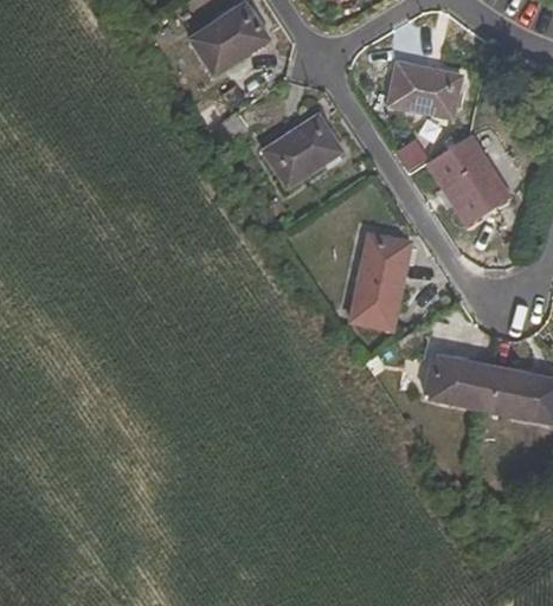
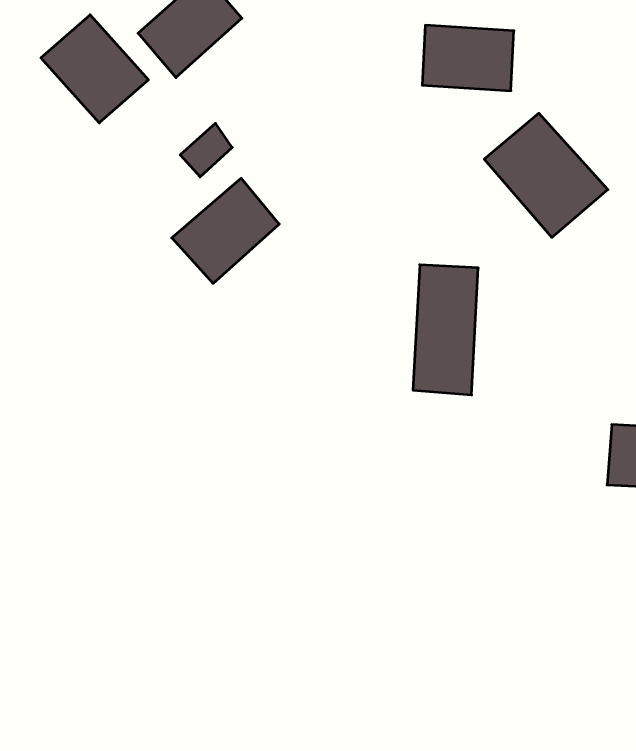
building: none -> [41,15,148,123]
building: [263,114,341,186] -> [172,178,279,283]
building: [424,355,489,408] -> none

